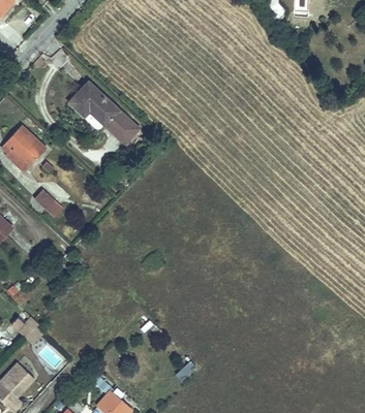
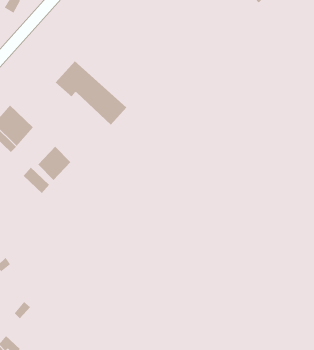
building: none -> [37,146,71,181]

